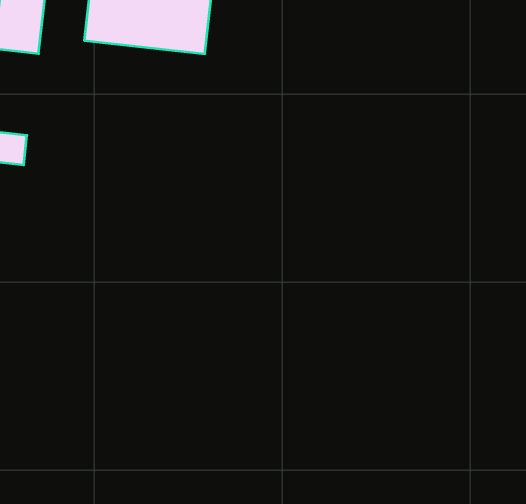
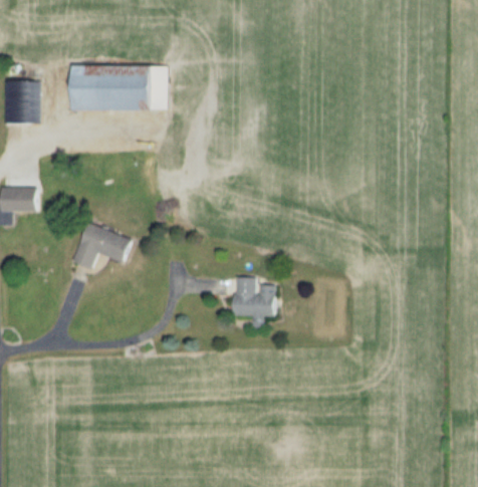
building: none -> [74,223,133,269]
building: none -> [233,277,274,328]

